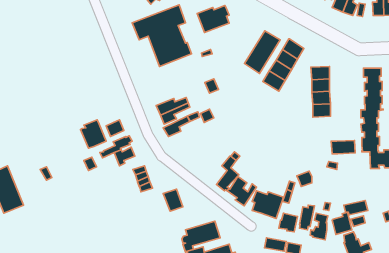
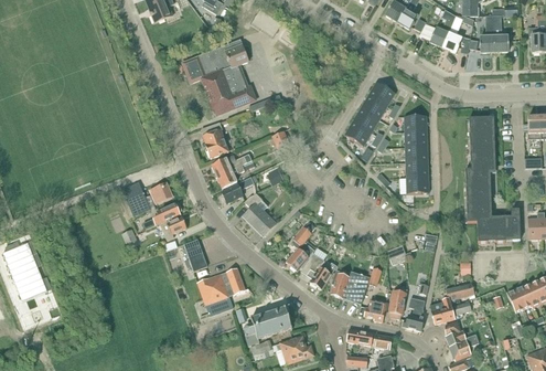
building: [197,6,229,33] -> none
building: [245,31,280,74] -> none
building: none -> [202,123,228,158]
building: none -> [243,193,276,236]
building: [331,140,355,154] -> [399,178,429,194]
building: none -> [196,274,233,317]

